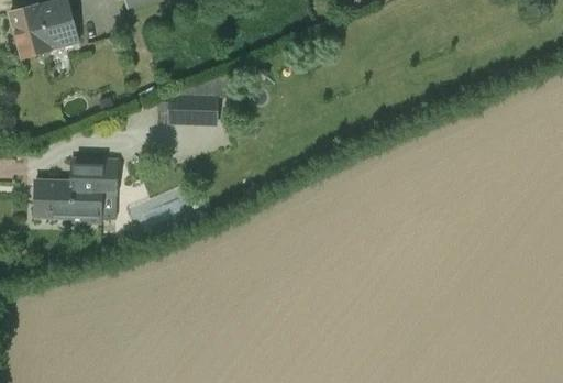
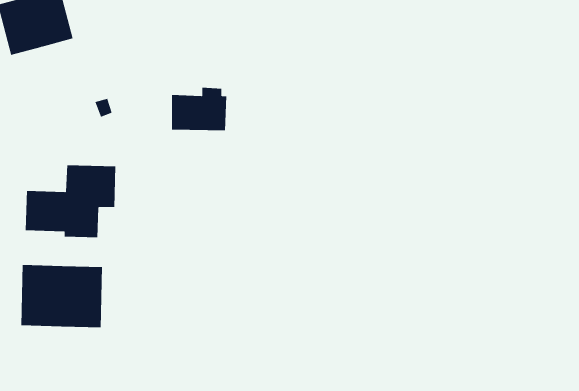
building: none -> [21,264,103,328]

